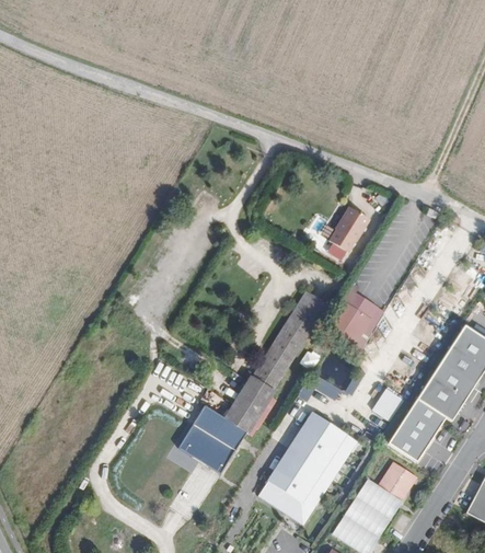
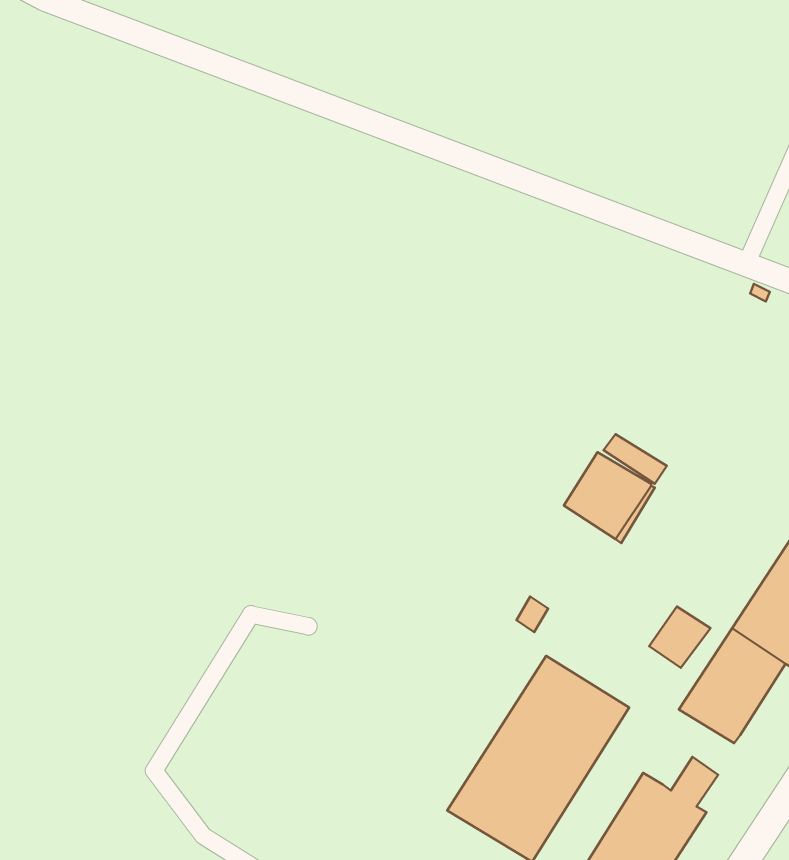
building: [327,206,368,252] -> none
building: [177,290,326,472] -> none
building: [378,460,417,499] -> none

